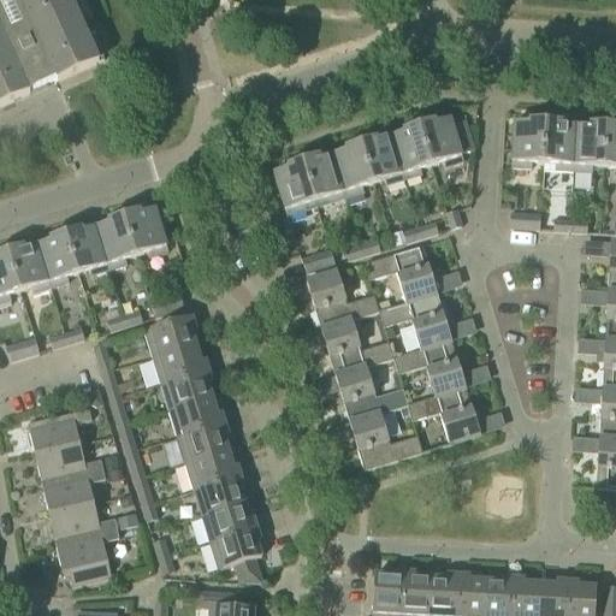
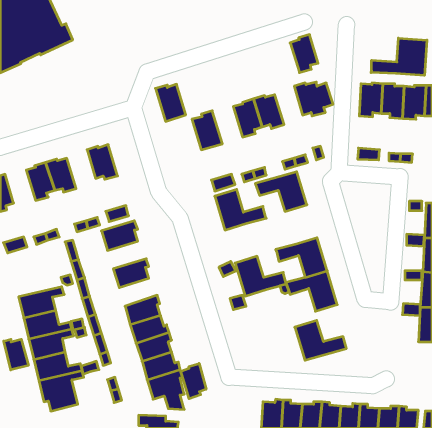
building: none -> [371,38,427,75]
building: [391,123,431,177] -> [290,35,318,73]
building: [302,152,345,205] -> [155,84,186,121]
building: [95,213,136,268] -> none
building: [7,242,51,291] -> none
building: [378,291,451,348] -> none
building: [320,318,393,374] -> none
building: [153,343,208,383] -> none
building: [170,396,224,436] -> none
building: [349,411,422,468] -> [295,320,346,360]
building: none -> [4,339,28,370]
building: none -> [181,363,206,399]

